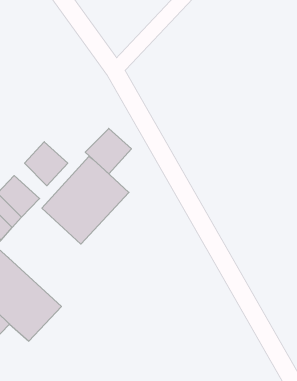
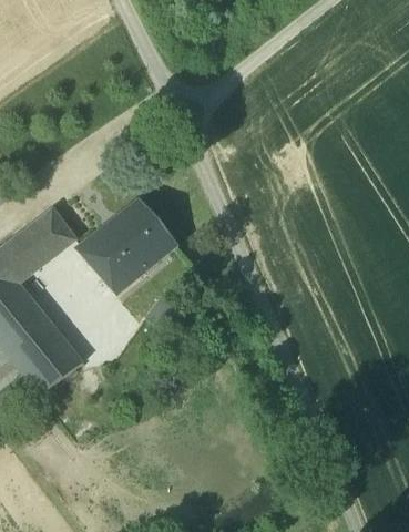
building: [85,128,131,174] -> none
building: [25,142,68,186] -> none

